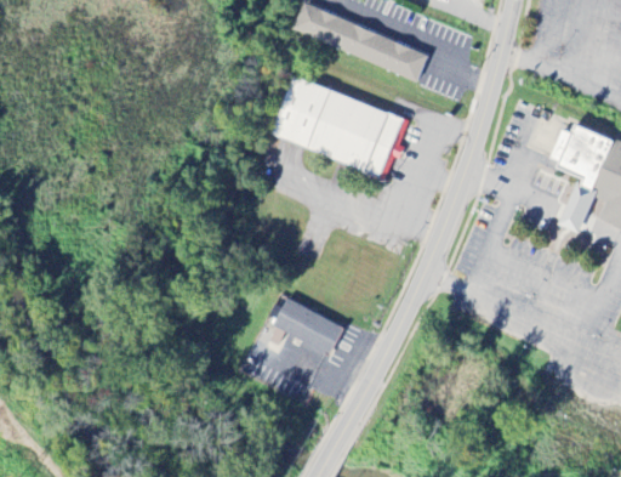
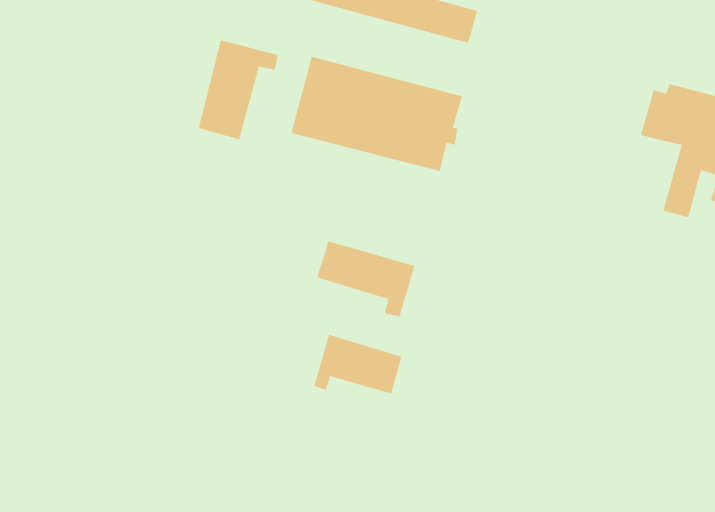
building: none -> [198,40,278,140]
building: none -> [316,241,415,317]

